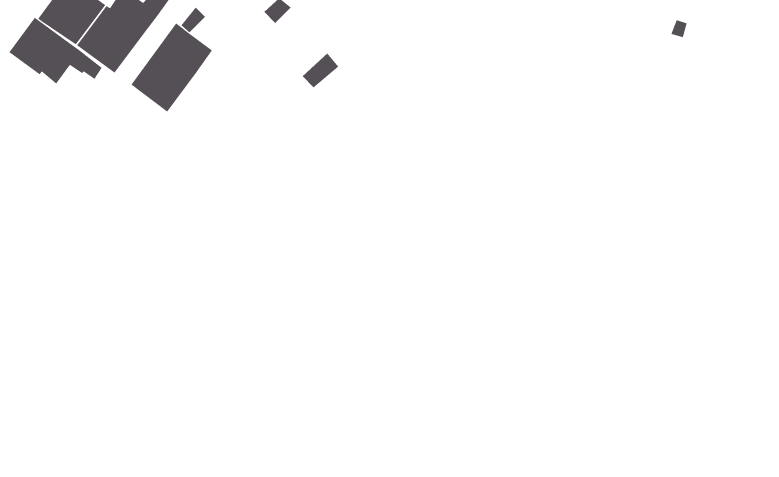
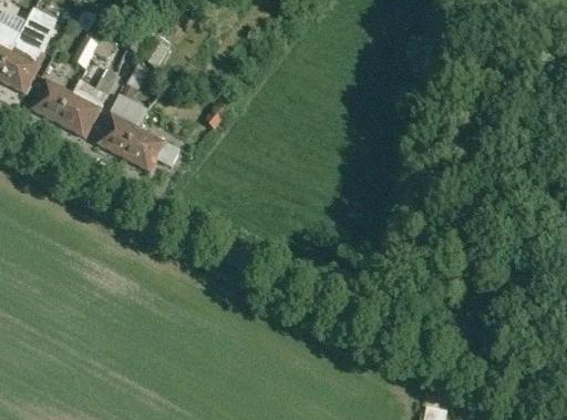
building: [8,17,102,85] -> none
building: none -> [122,127,178,171]

